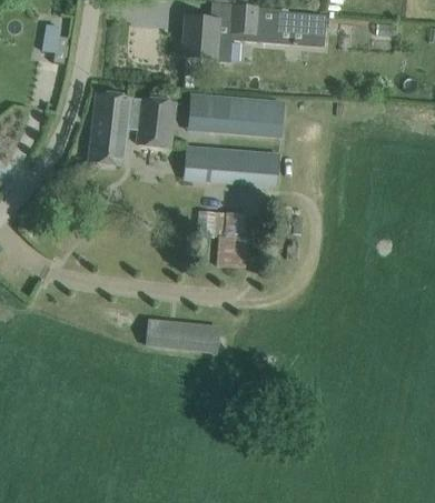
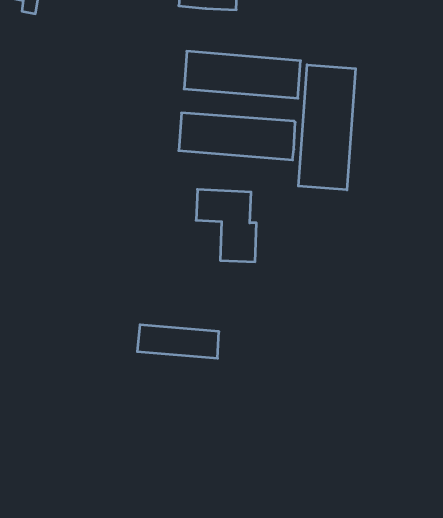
building: [89,93,172,164] -> none
building: none -> [298,65,356,190]

